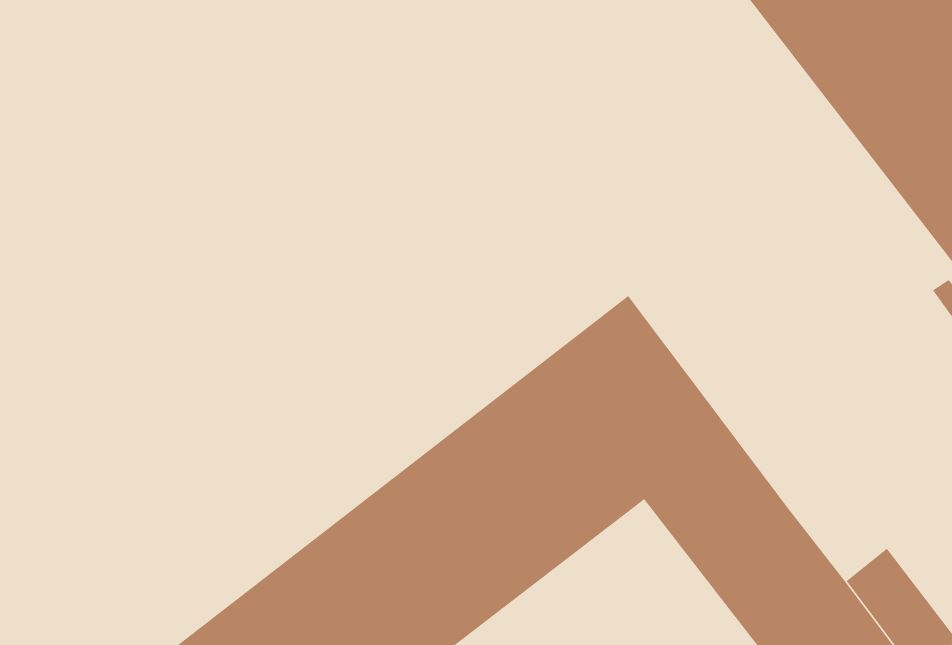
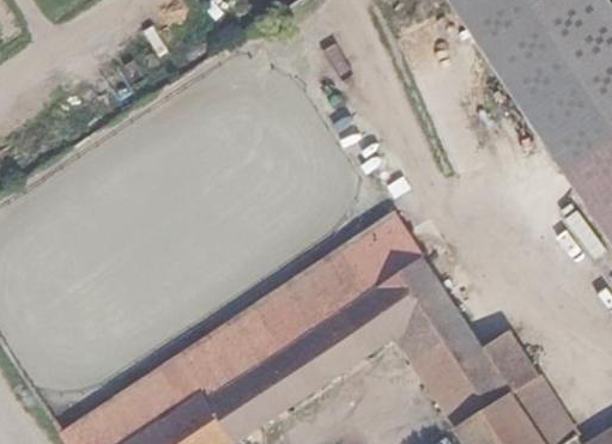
building: none -> [481,330,539,395]

